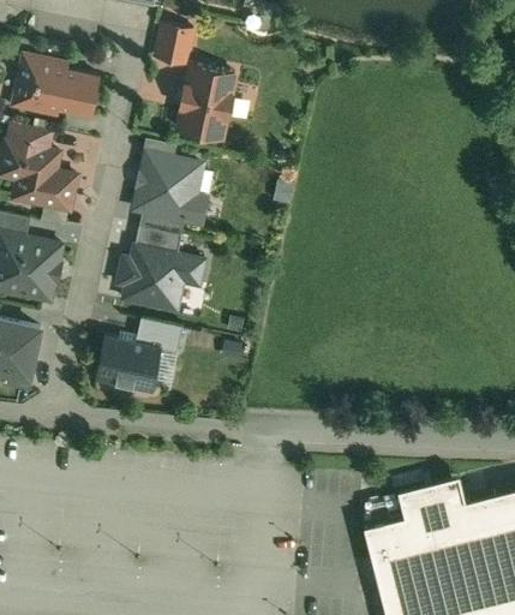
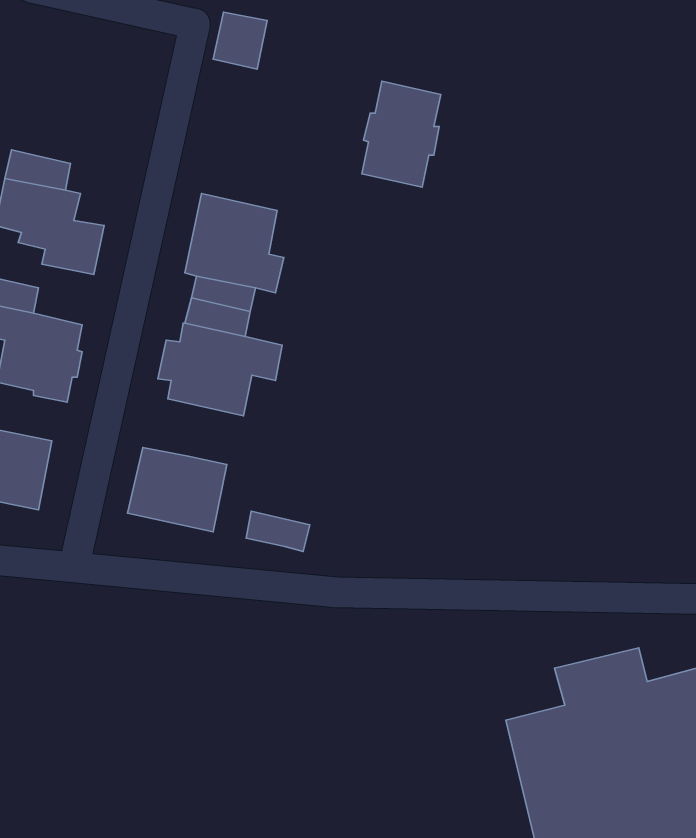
building: [11,53,100,117] -> none
building: [178,64,234,139] -> [362,81,441,187]
building: [137,321,182,350] -> [246,511,310,552]

